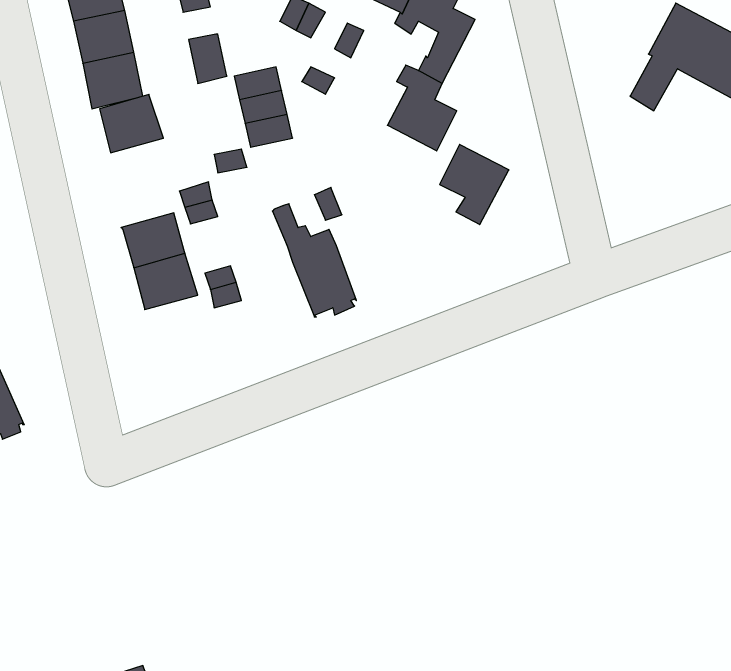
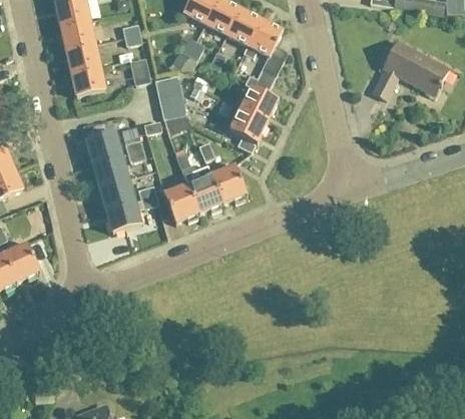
building: [100,94,163,153] -> [87,131,122,163]
building: [440,144,509,225] -> [228,107,267,151]
building: none -> [211,162,247,203]
building: none -> [162,182,199,223]
building: none -> [106,200,142,234]

